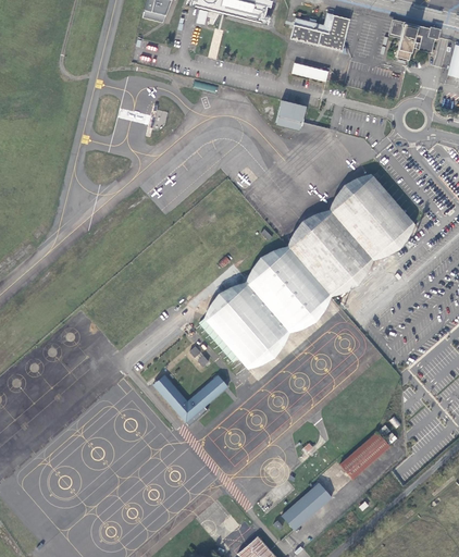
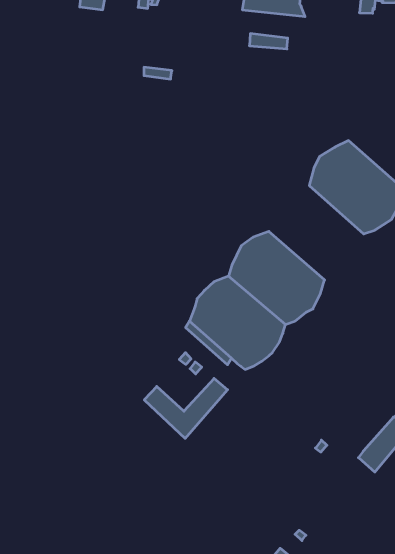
building: [276,99,307,129] -> none
building: [287,208,373,296] -> none
building: [282,482,332,529] -> none

